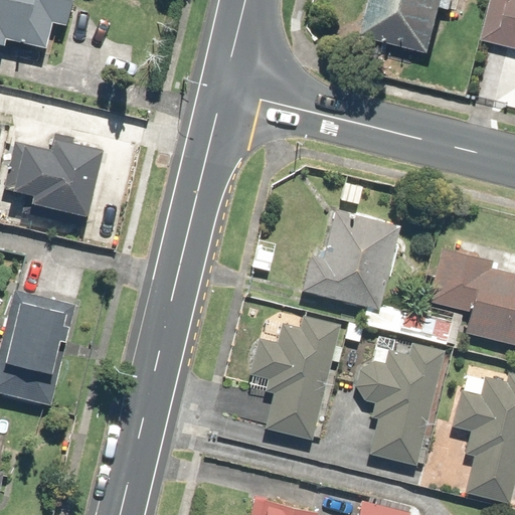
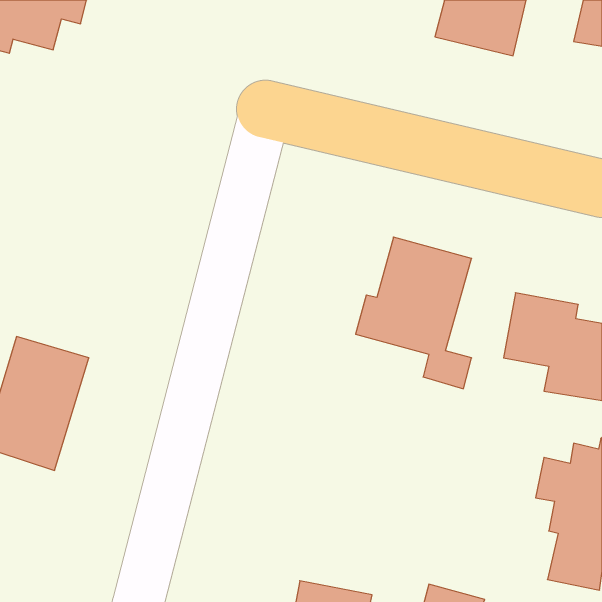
building: [20,138,104,212] -> none
building: [252,320,338,440] -> none
building: [356,341,443,466] -> none

